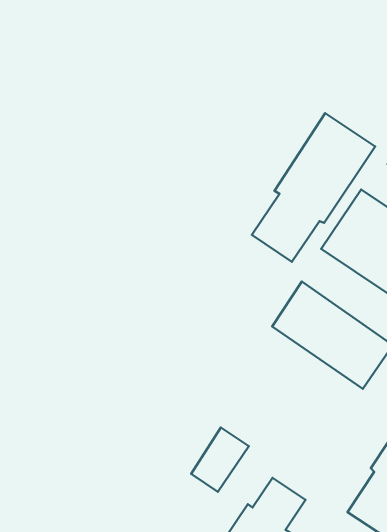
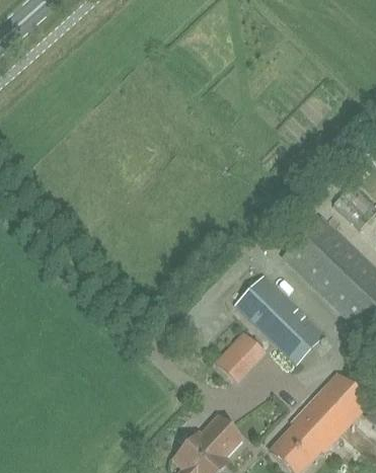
building: [252,113,375,262] -> none
building: [191,427,249,492] -> [216,331,261,378]

